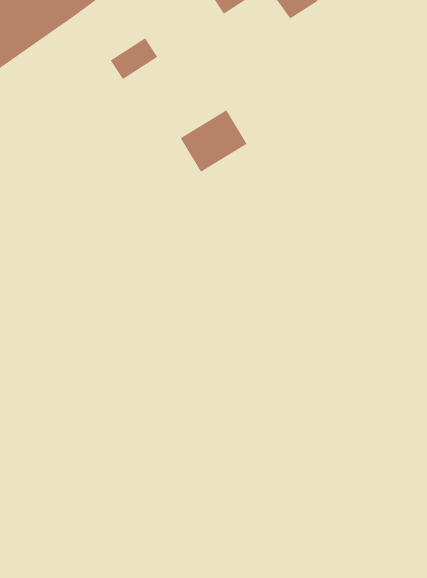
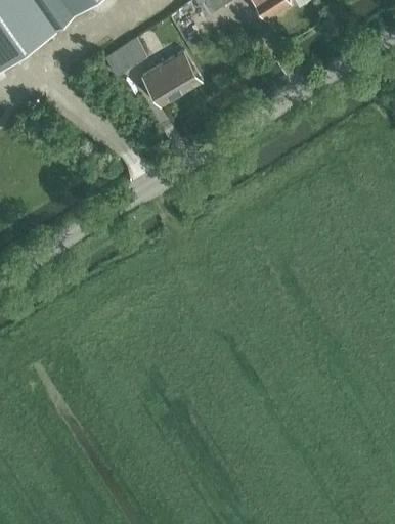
building: [180,109,248,172] -> [141,50,202,106]

